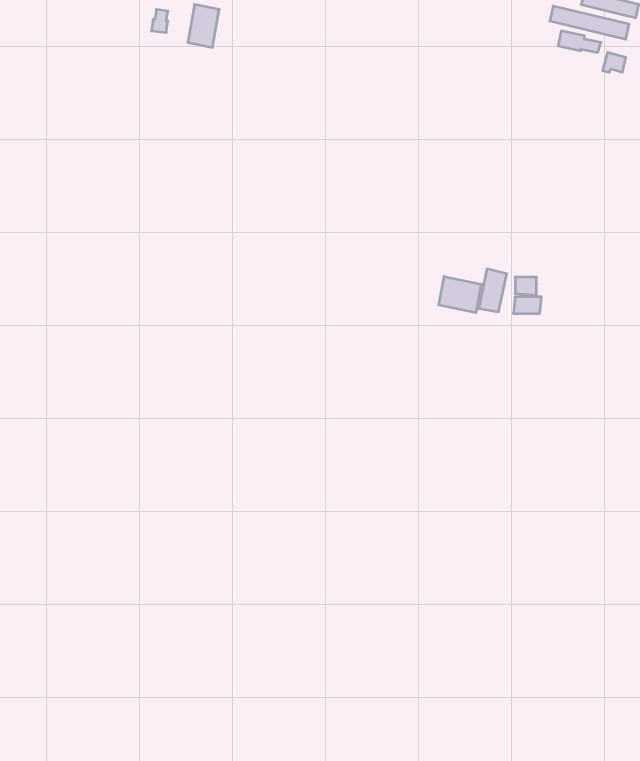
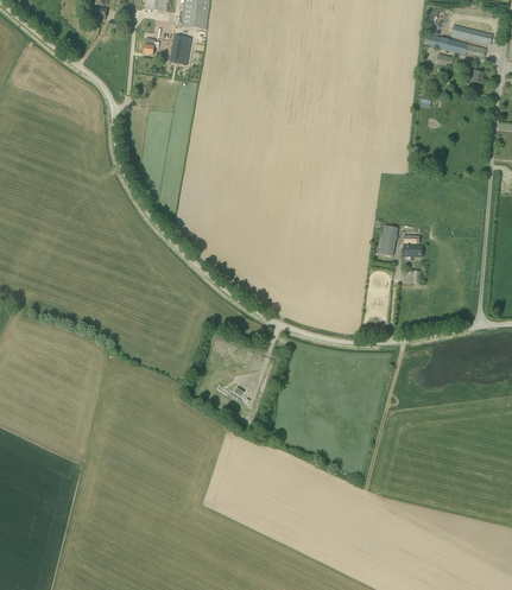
building: [439,276,481,313] -> none

